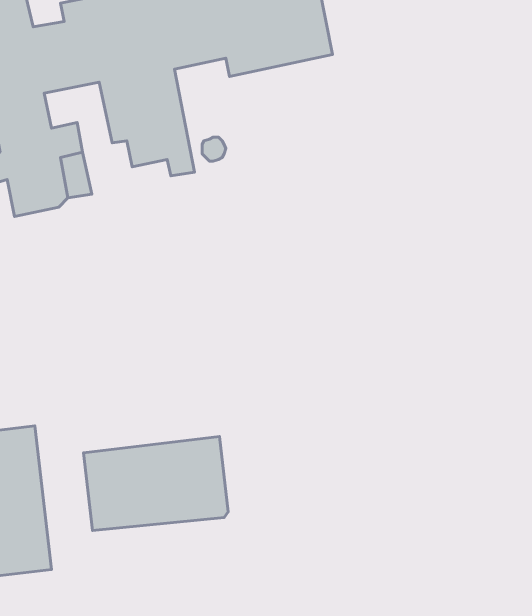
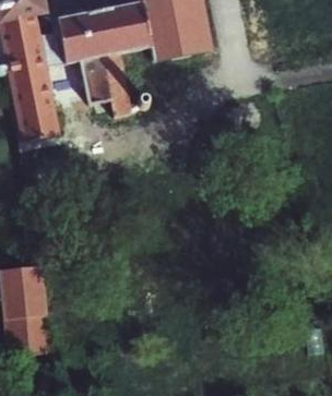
building: [83,436,228,530] -> none

